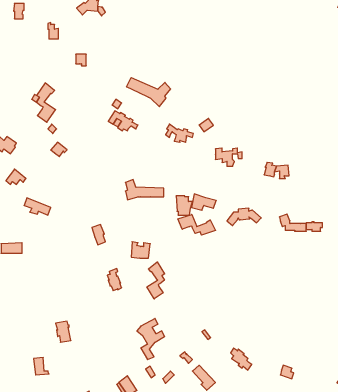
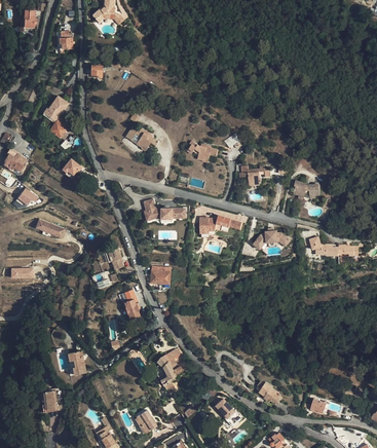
building: [127,78,171,107] -> none
building: [178,214,216,235] -> none
building: [147,262,165,299] -> none

